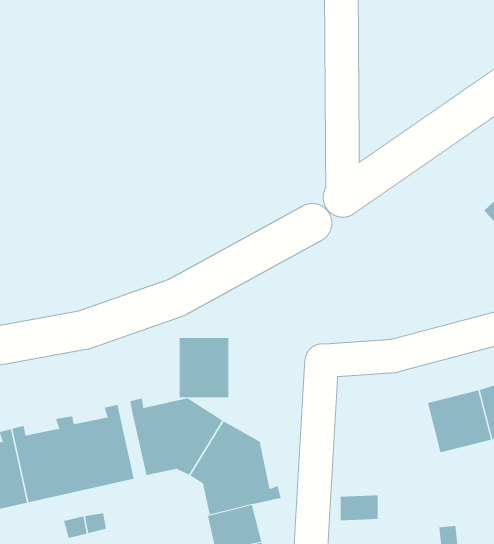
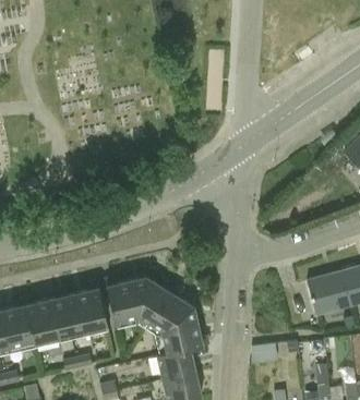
building: [179,337,229,398] -> none

